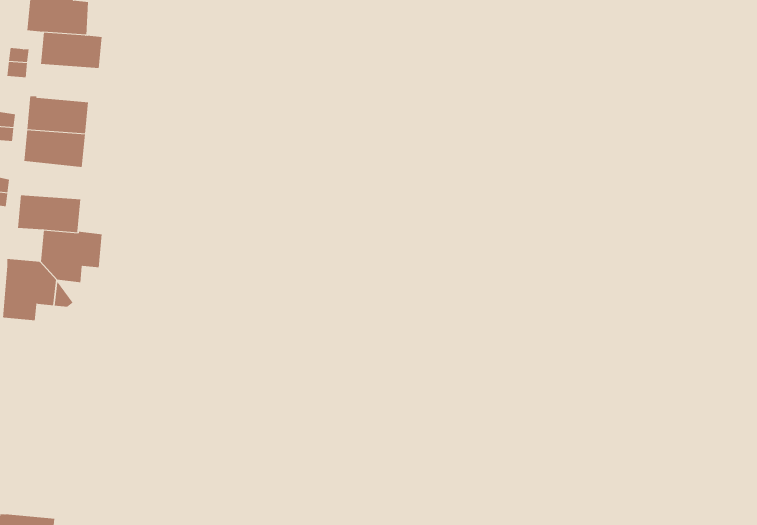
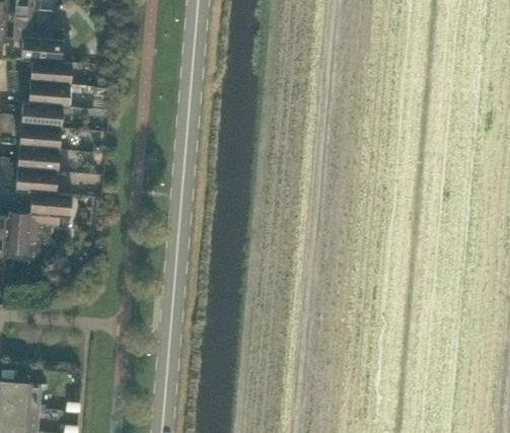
building: none -> [27,83,69,110]
building: none -> [16,148,58,173]

